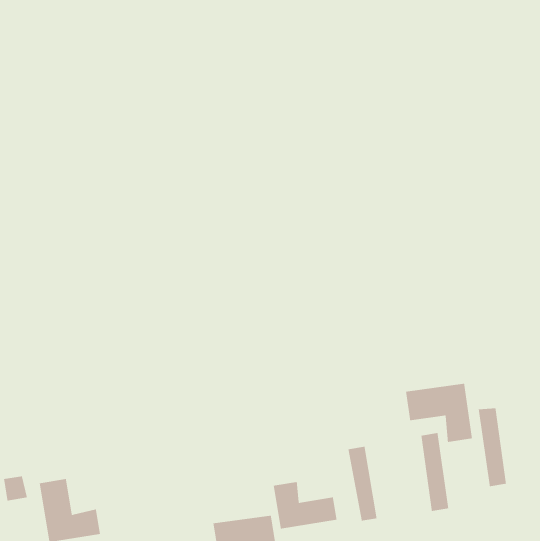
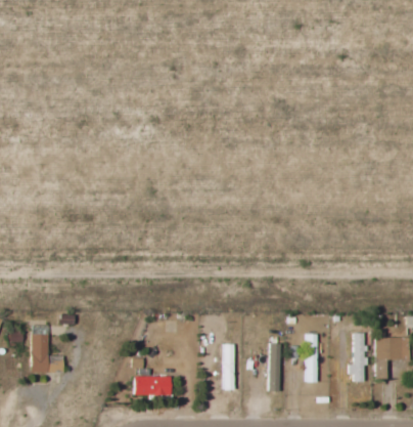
building: [405,383,473,443] -> none
building: [273,481,337,530] -> none

